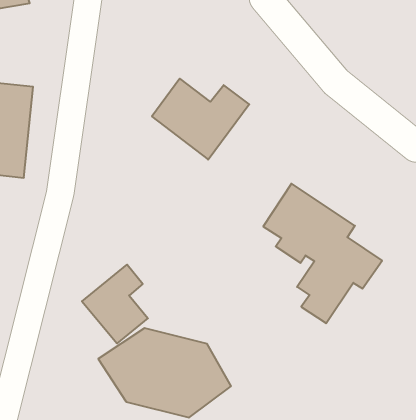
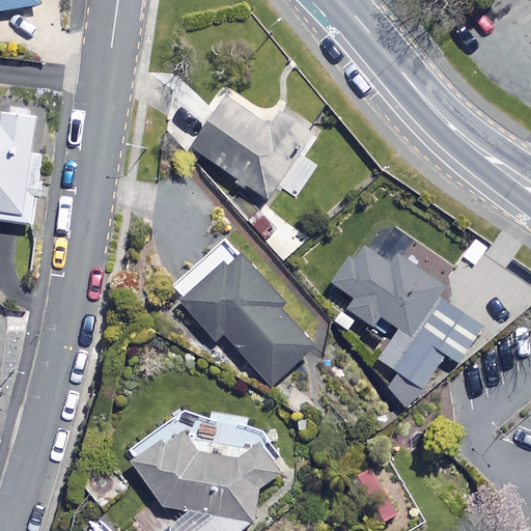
building: none -> [180,242,317,386]
building: [82,265,148,343] -> none

